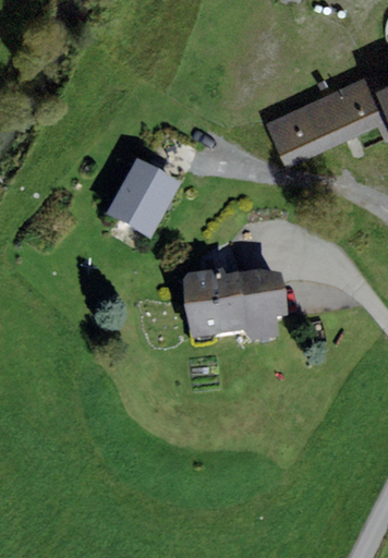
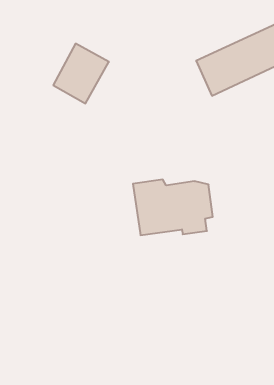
building: [108,161,181,240] -> [53,44,109,103]

